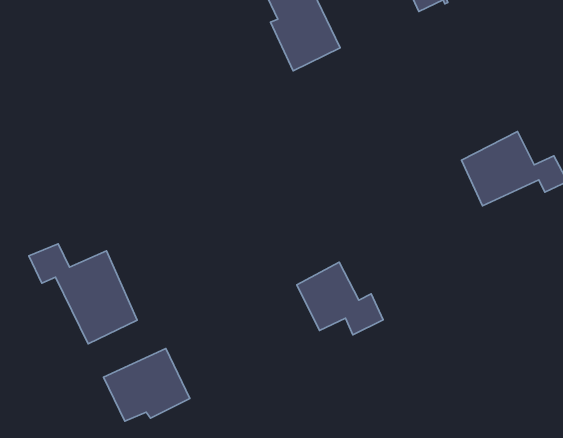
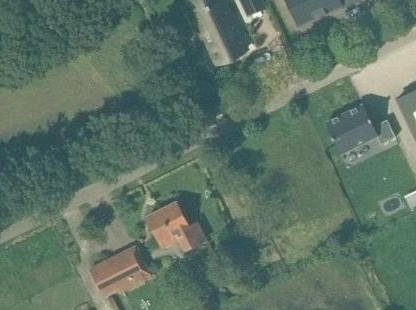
building: [29,244,137,344] -> none
building: [297,262,383,335] -> [148,203,205,251]

